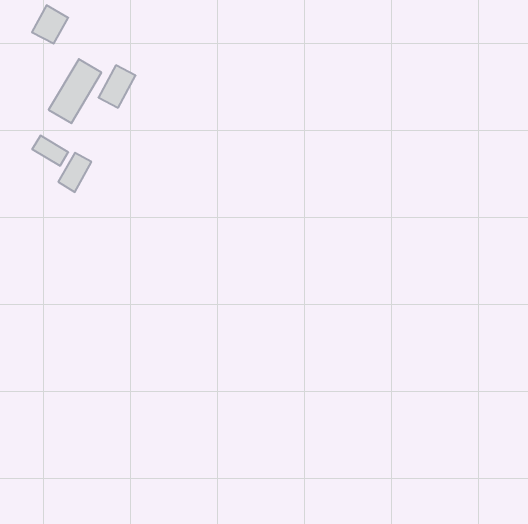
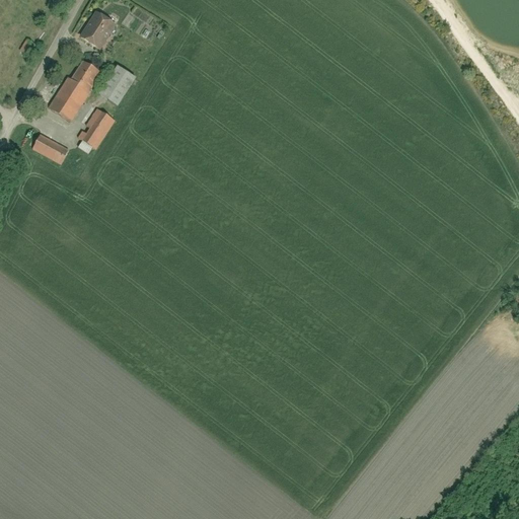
building: [32,5,68,44] -> [79,10,115,48]
building: [58,153,91,192] -> [80,109,113,148]

